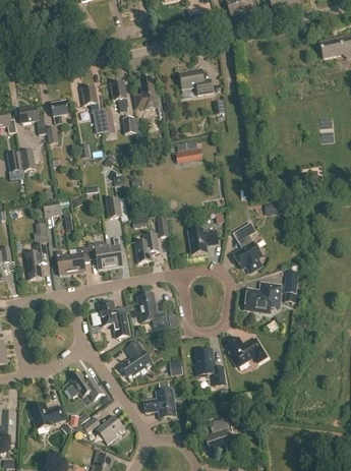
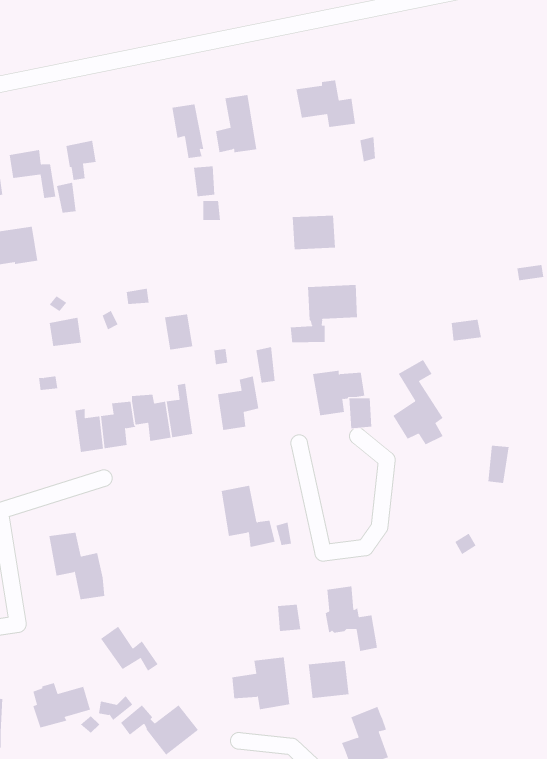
building: [81,85,108,125] -> none
building: none -> [290,284,358,343]
building: [25,243,48,279] -> none
building: [245,283,281,312] -> none
building: [98,301,129,339] -> [49,532,105,600]
building: [226,337,267,366] -> none
building: [120,340,153,376] -> none
building: none -> [308,660,349,699]

